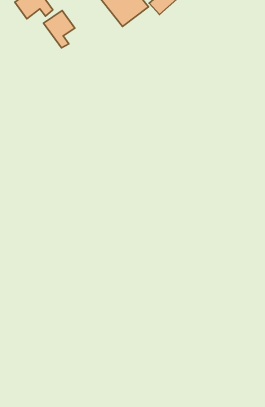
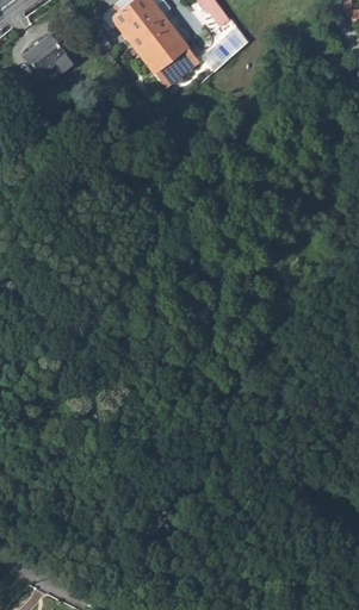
building: [44,10,75,48] -> none

